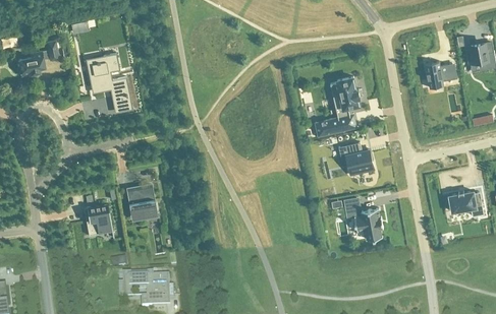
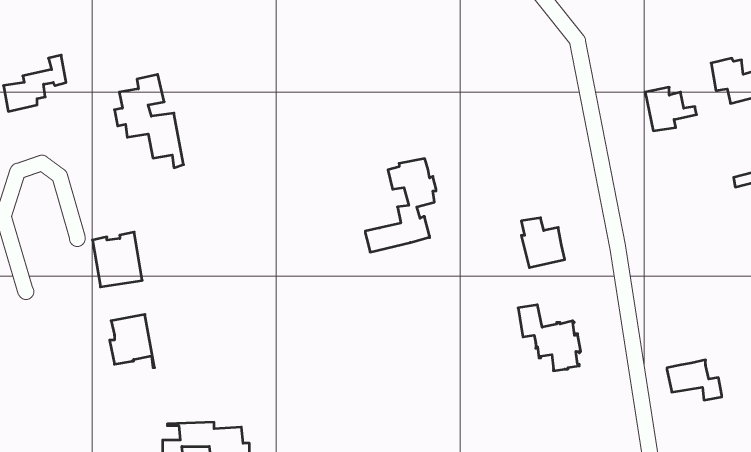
building: [315,77,360,136] -> [365,159,436,252]
building: [125,185,157,219] -> [92,232,142,287]
building: [448,191,483,216] -> [667,360,722,400]

